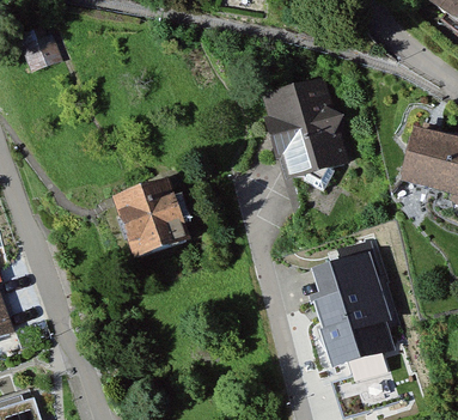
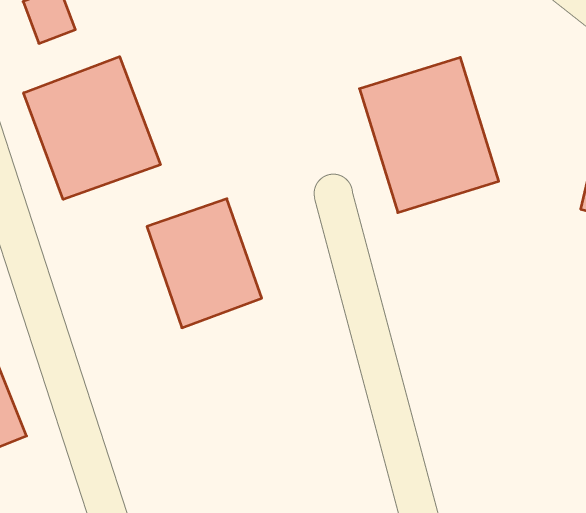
building: none -> [24,57,160,199]
building: [306,238,386,370] -> none

